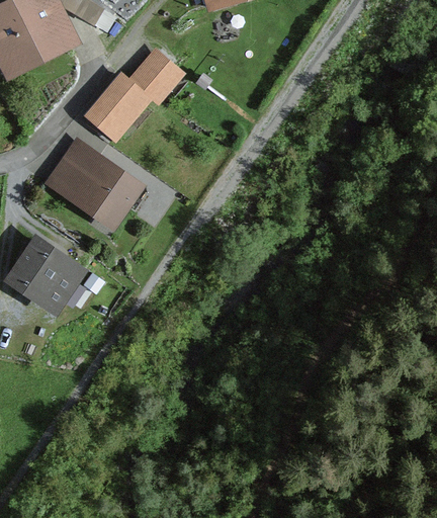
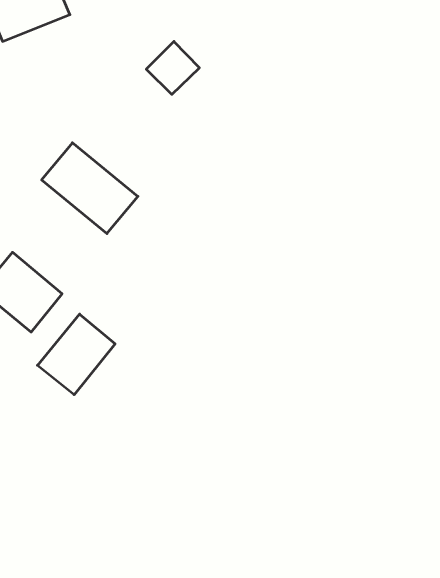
building: [91,77,149,138] -> none
building: none -> [37,314,115,395]

